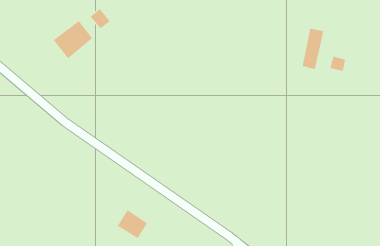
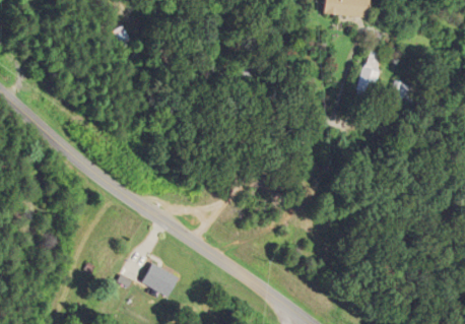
building: [53,20,93,59] -> none

